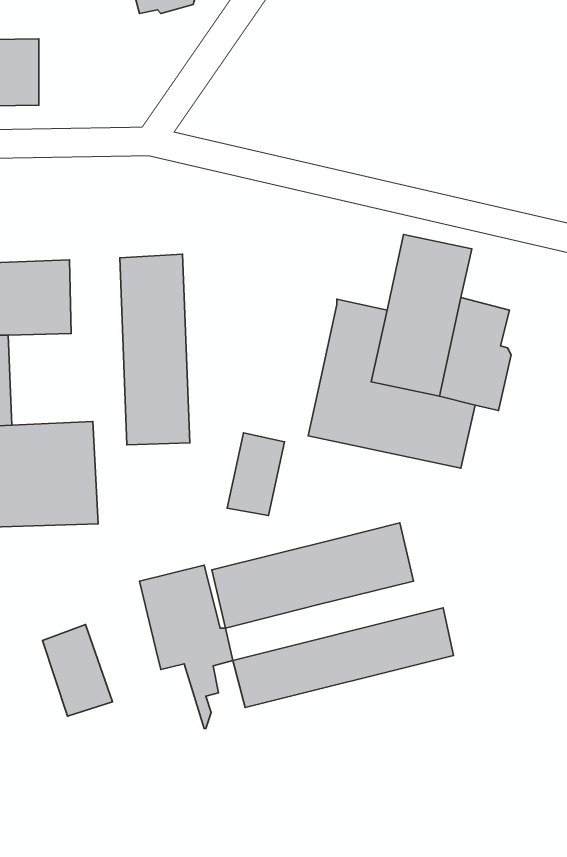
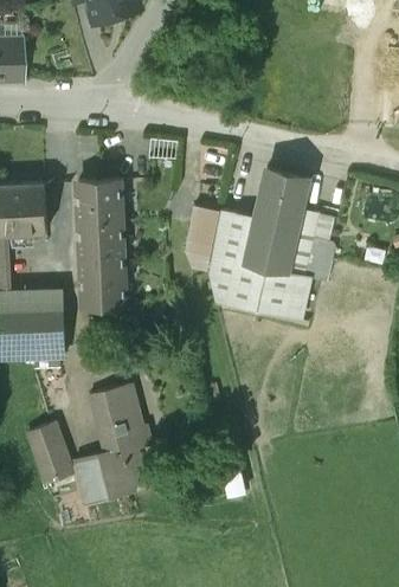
building: [227,433,285,515] -> [185,207,223,262]
building: [212,523,413,628] -> none
building: [233,608,454,707] -> none
building: none -> [76,450,135,504]

